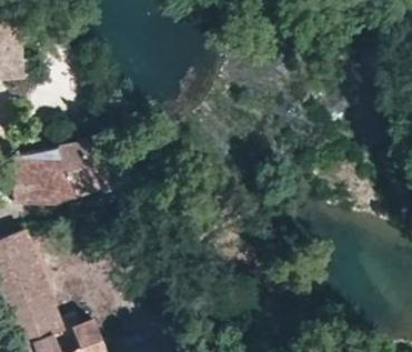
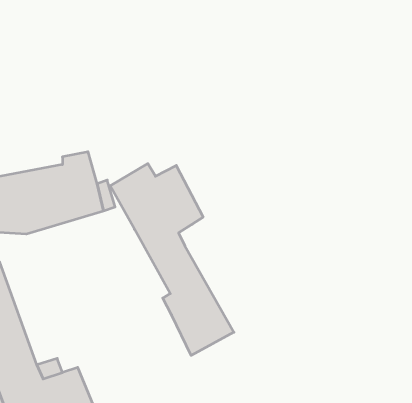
building: none -> [110,164,234,355]

